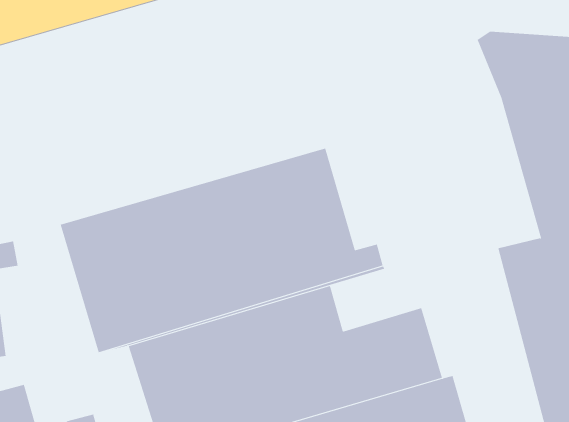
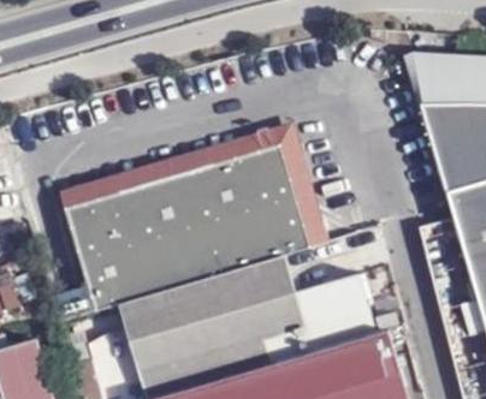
building: none -> [59,123,322,228]

